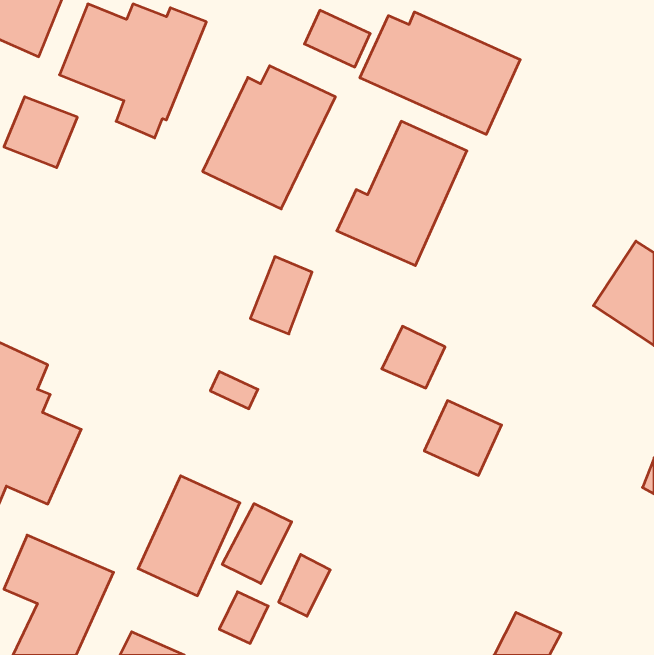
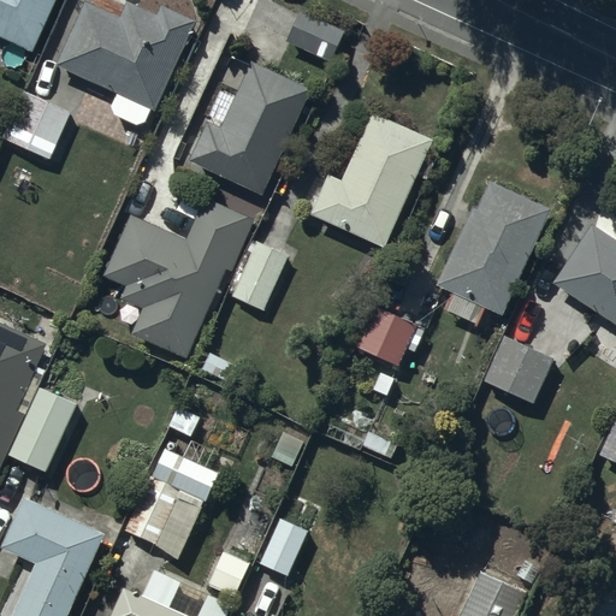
building: [360,12,520,134] -> none
building: none -> [434,184,555,330]
building: none -> [96,202,248,362]
building: [424,401,502,475] -> [482,334,555,404]
building: [222,504,292,584] -> none

